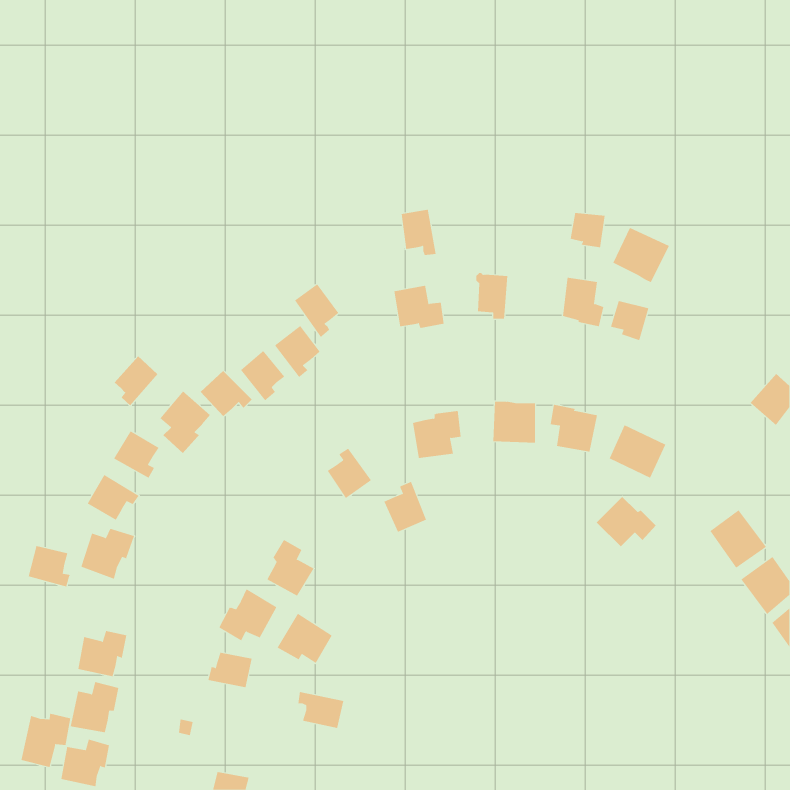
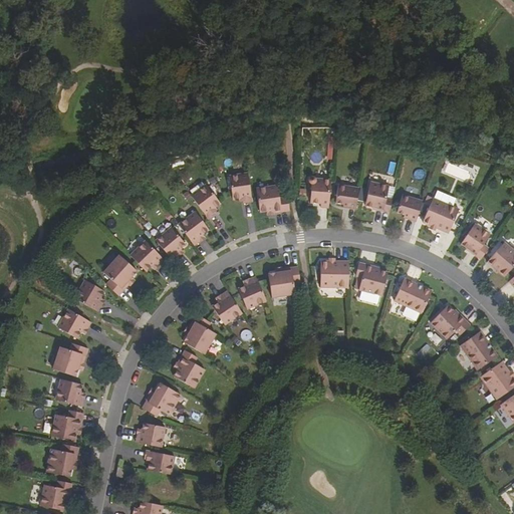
building: [401,209,436,256] -> [229,173,252,203]
building: [570,212,606,248] -> [334,185,357,208]
building: [612,227,670,283] -> [422,199,459,235]
building: none -> [460,223,489,258]
building: [114,355,158,406] -> none
building: [383,481,427,532] -> [238,275,266,308]
building: none -> [183,313,215,353]
building: [596,496,656,547] -> [430,305,469,338]
building: [28,545,71,587] -> [55,378,83,406]
building: [277,613,333,664] -> none
building: [298,691,344,729] -> [144,450,174,474]
building: [21,713,71,768] -> none

